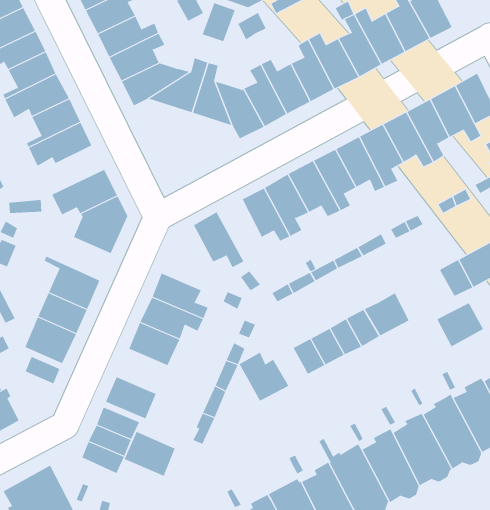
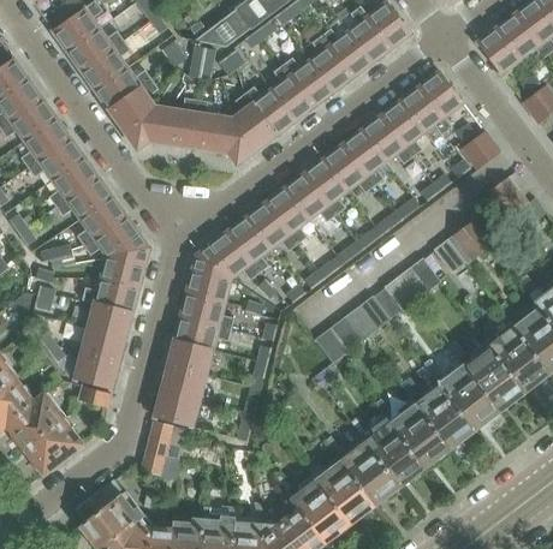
building: none -> [67,190,120,239]
building: none -> [226,216,269,271]
building: none -> [185,246,230,303]
building: none -> [81,274,138,309]
building: [437,303,484,347] -> [396,258,439,300]
building: [239,352,289,402] -> none
building: [124,431,176,476] -> [160,365,204,401]

